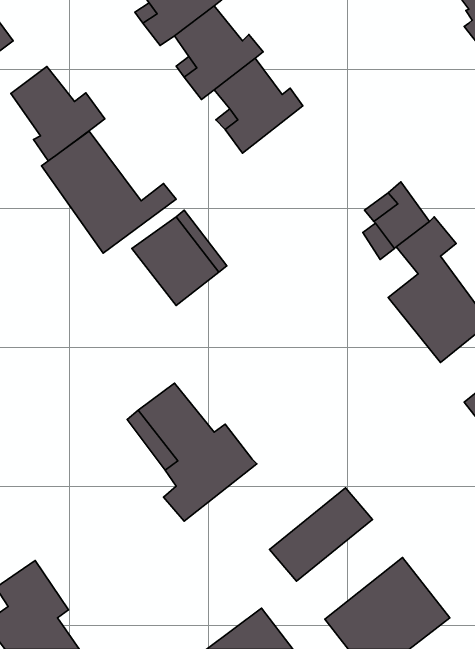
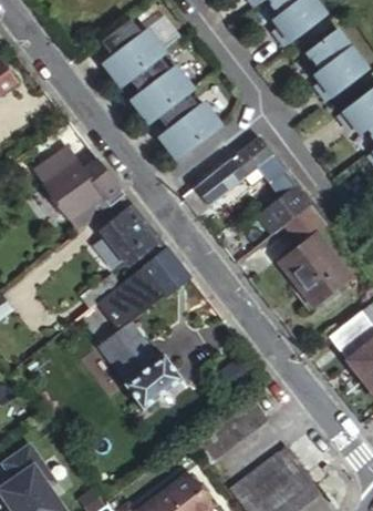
building: [11,67,105,161] -> none
building: none -> [179,140,279,225]
building: none -> [97,246,193,315]

